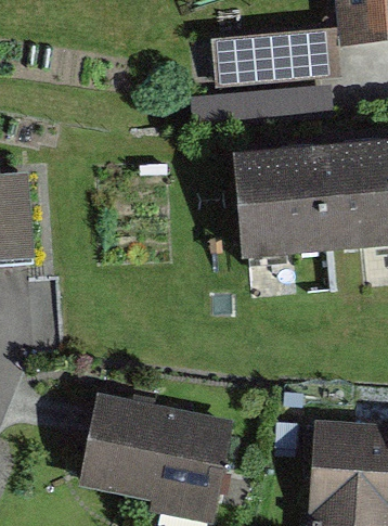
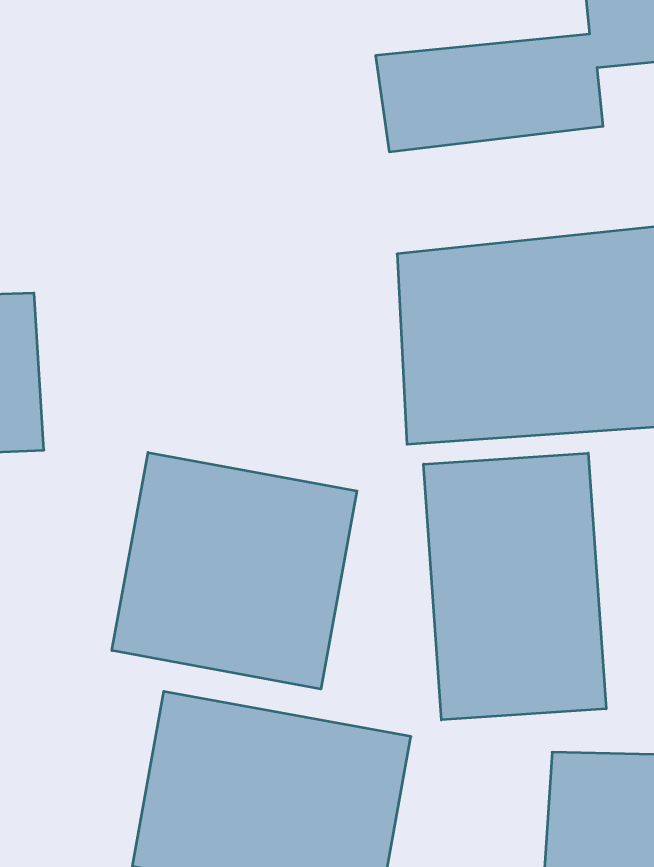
building: none -> [112,452,357,689]
building: none -> [424,453,606,720]

